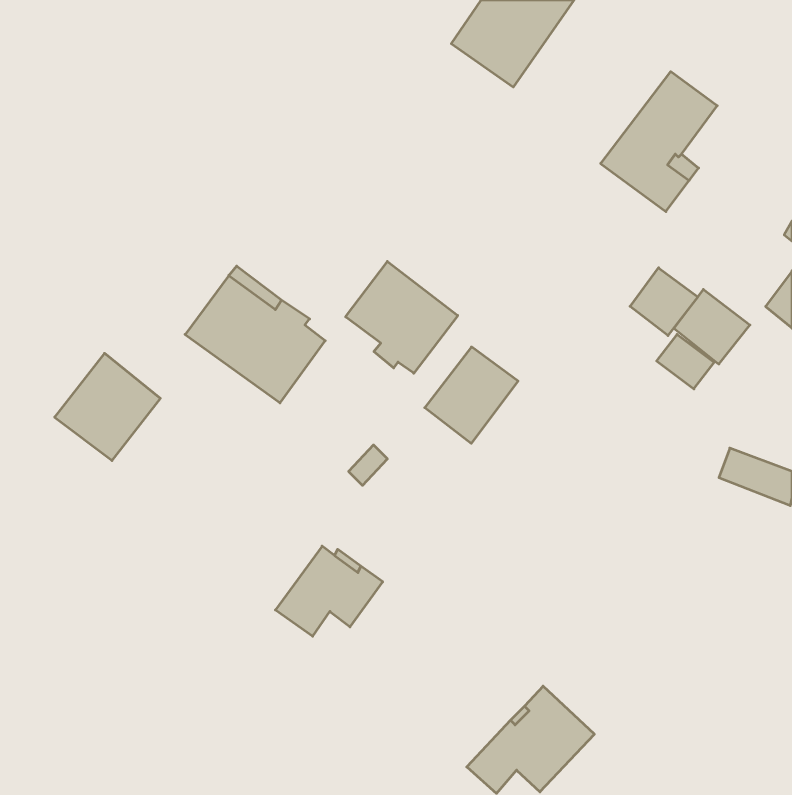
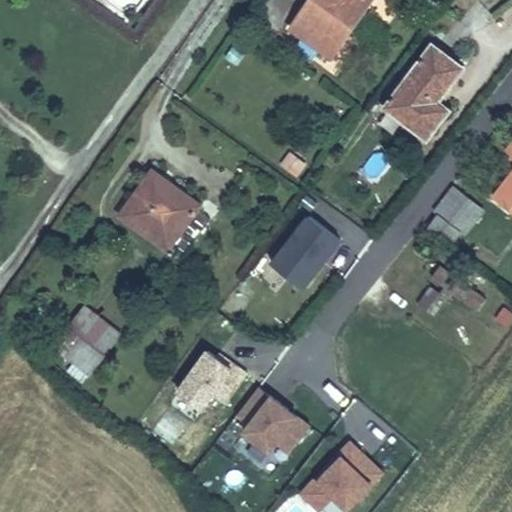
building: [346,261,458,373] -> none
building: [630,268,698,336] -> none
building: [55,353,160,461] -> [51,305,119,374]
building: none -> [234,386,309,453]

